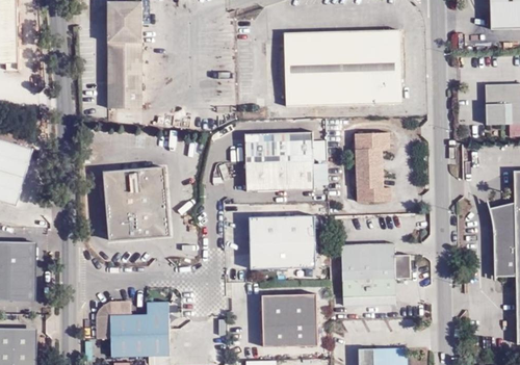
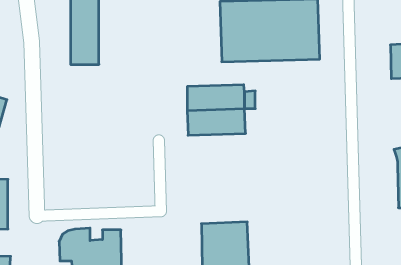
building: [355,132,389,201] -> none
building: [104,167,170,240] -> none
building: [249,215,316,269] -> none
building: [341,242,412,307] -> none

